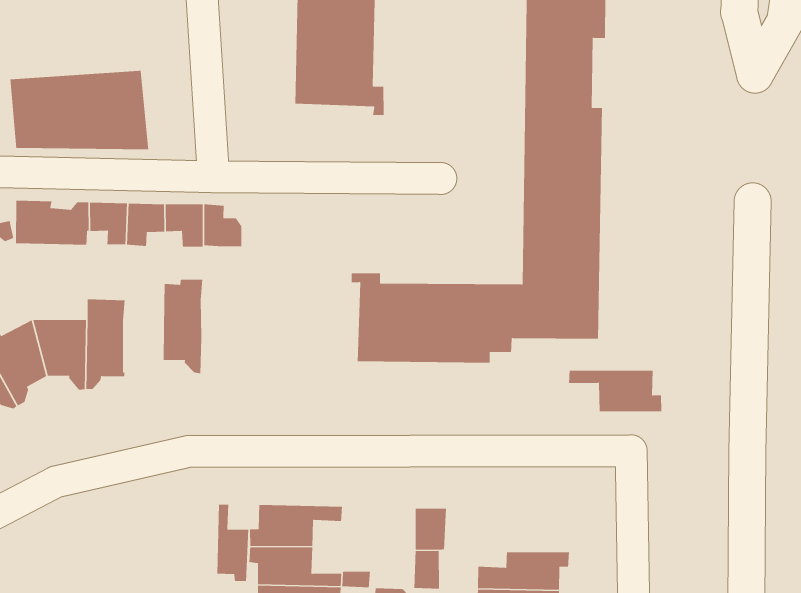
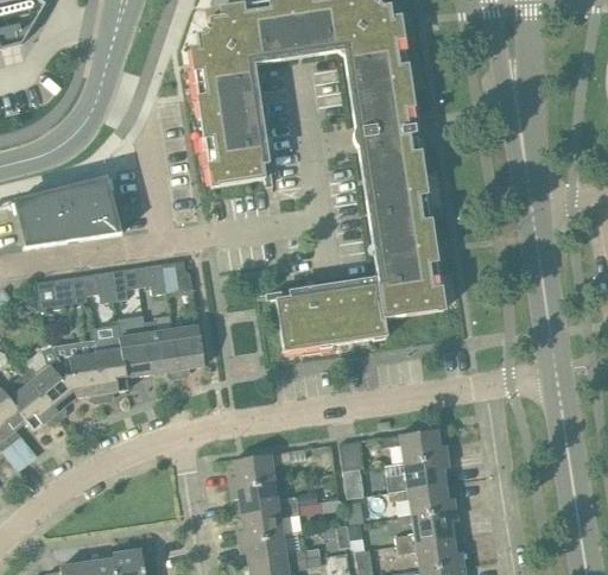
building: none -> [116,320,151,385]
building: none -> [170,324,203,378]
building: [568,370,662,412] -> [379,428,446,462]
building: [216,504,249,582] -> none

